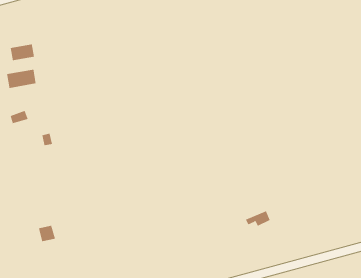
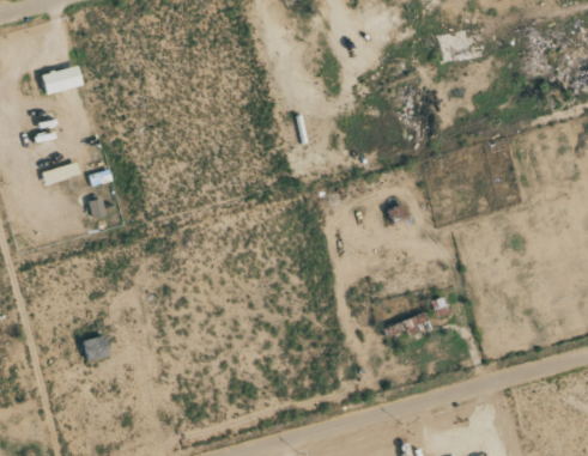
building: [7,69,36,89] -> none

